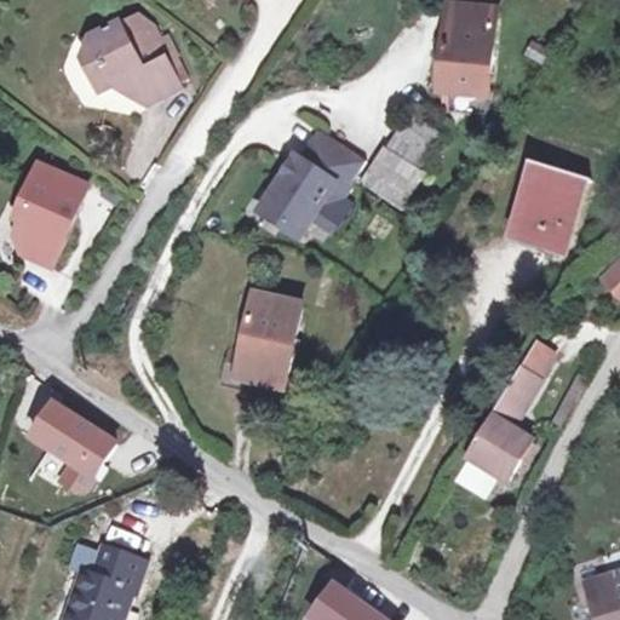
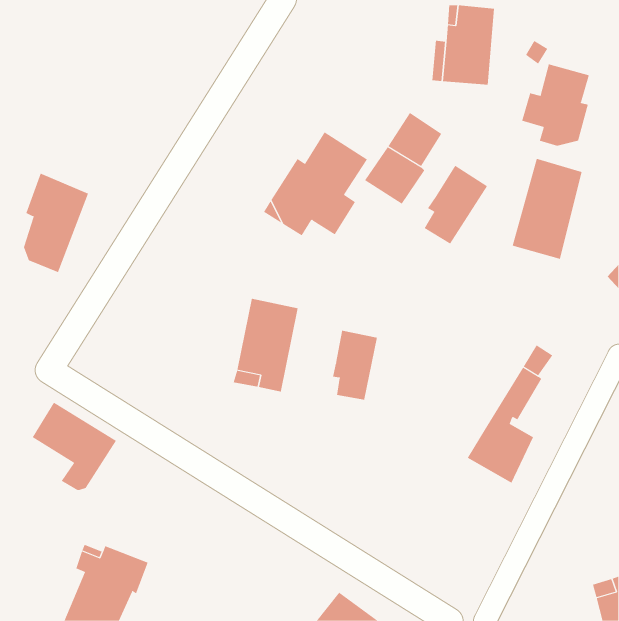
building: [74,22,188,113] -> none
building: none -> [522,64,590,146]
building: none -> [424,165,488,244]
building: none -> [333,330,378,401]

